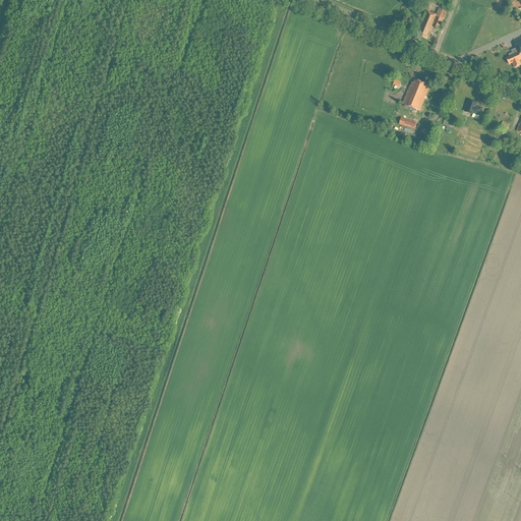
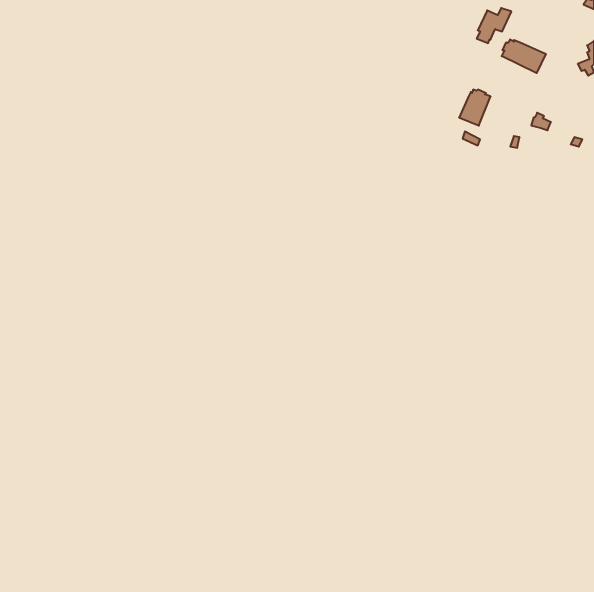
building: none -> [502,39,546,73]

